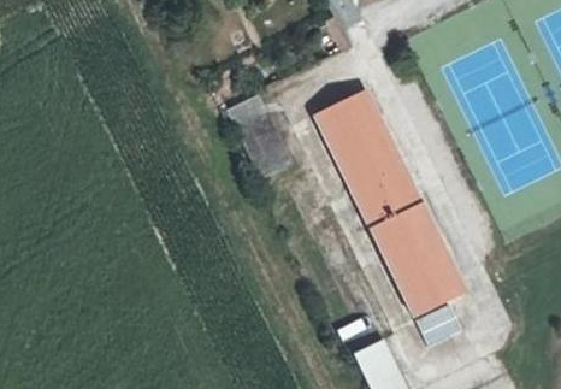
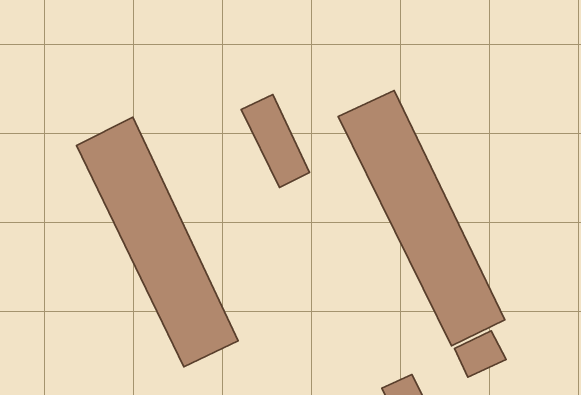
building: none -> [77,117,238,367]

